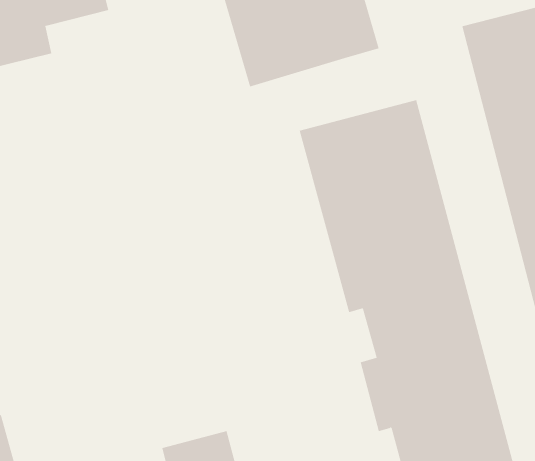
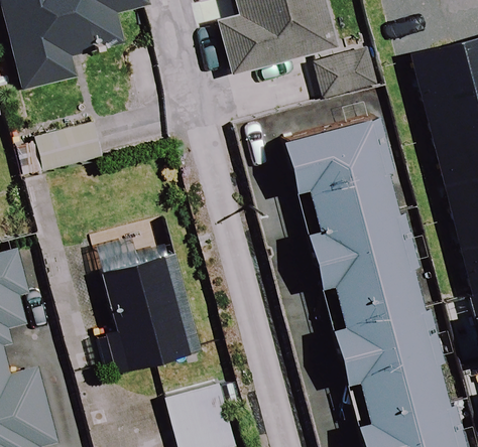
building: none -> [100,235,204,374]

